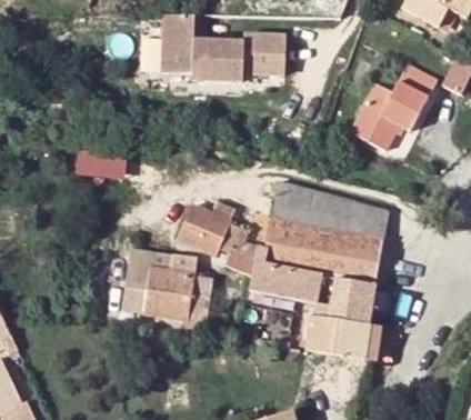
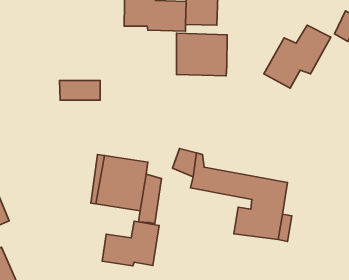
building: none -> [177,33,227,76]
building: [264,181,388,281] -> none
building: [178,199,233,252] -> none
building: none -> [102,221,159,266]

